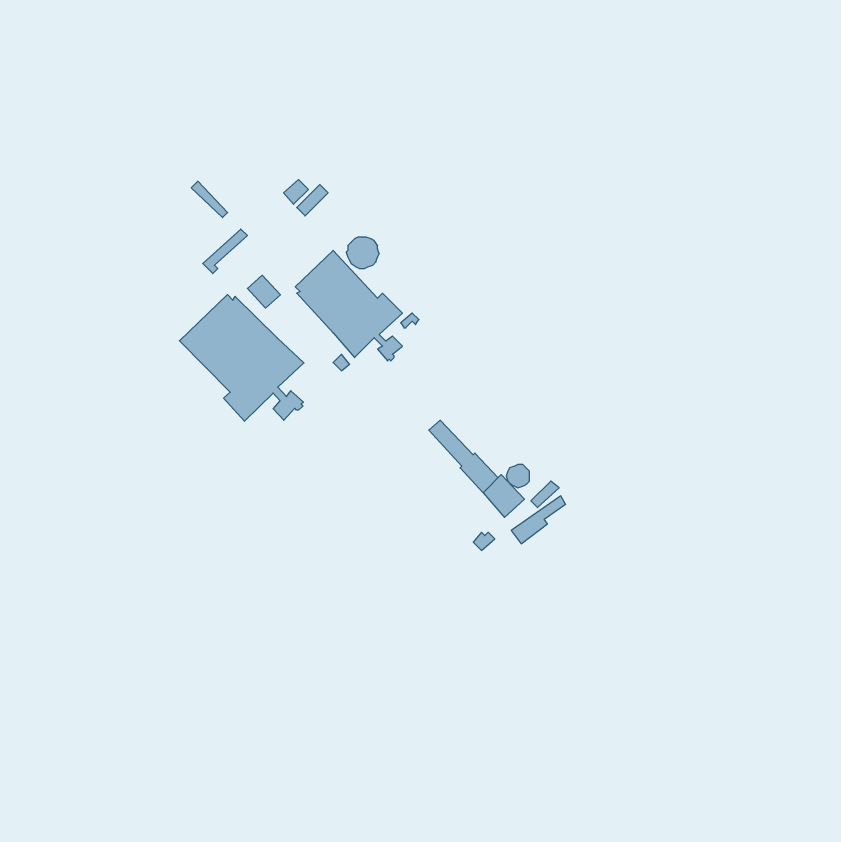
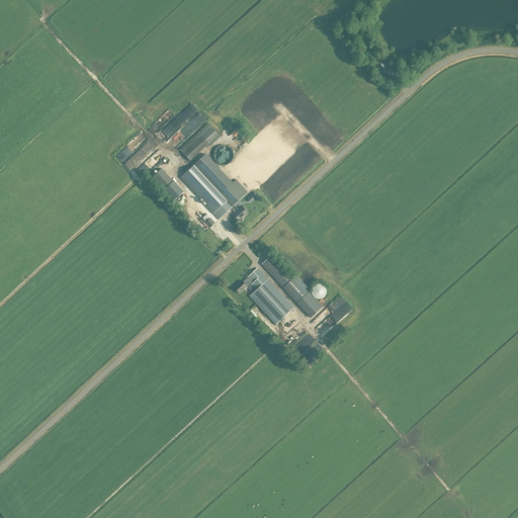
building: none -> [179,123,218,161]
building: [179,295,304,421] -> none
building: none -> [233,268,293,325]

